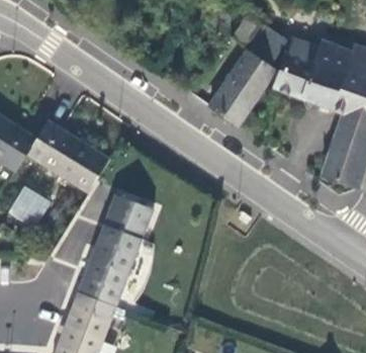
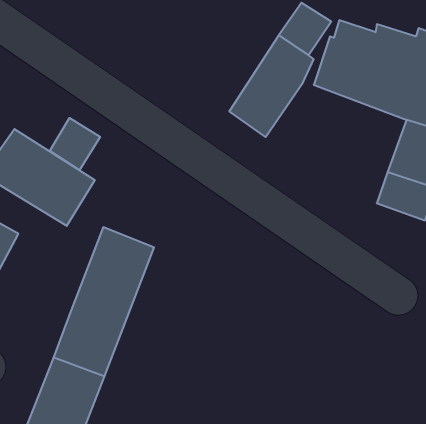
building: none -> [50,118,100,170]

